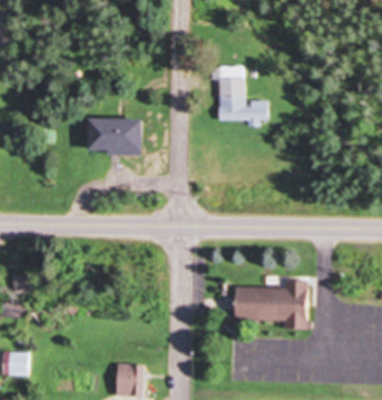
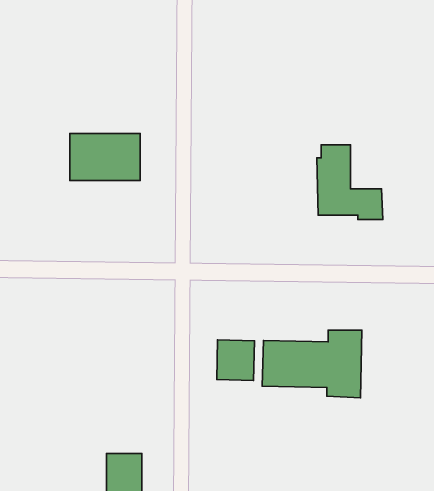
building: [217,69,267,126] -> [317,145,383,220]
building: none -> [217,340,254,380]

